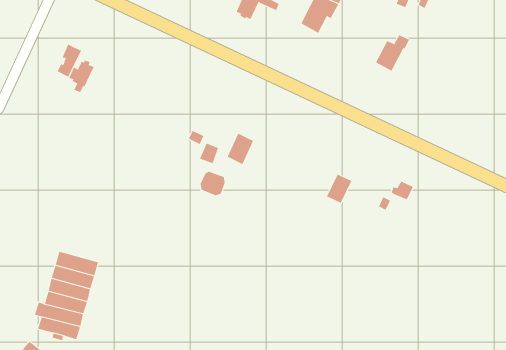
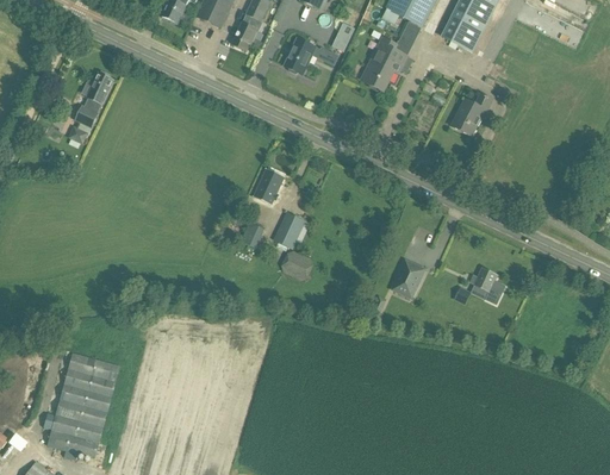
building: [69,60,94,93] -> [82,70,113,110]
building: none -> [253,167,284,204]
building: [200,171,226,196] -> [281,249,312,279]

